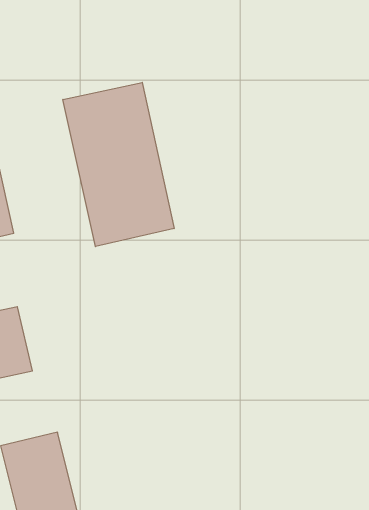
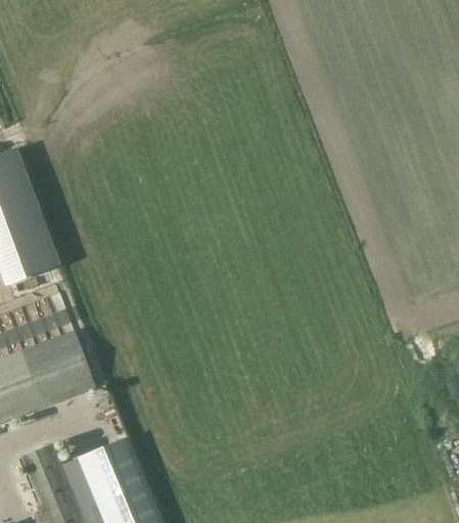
building: [63,82,174,247] -> none

